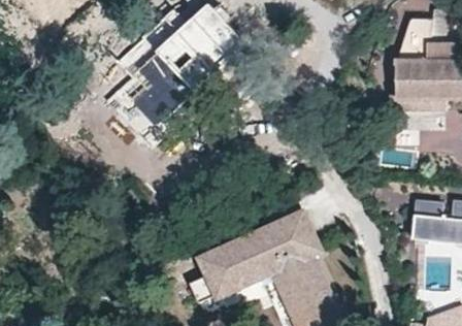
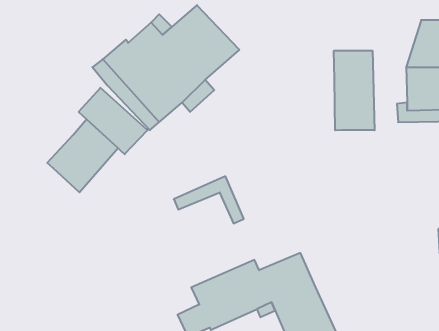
building: none -> [334,51,375,130]
building: none -> [47,119,118,192]
building: [259,214,322,256] -> [174,176,244,223]

